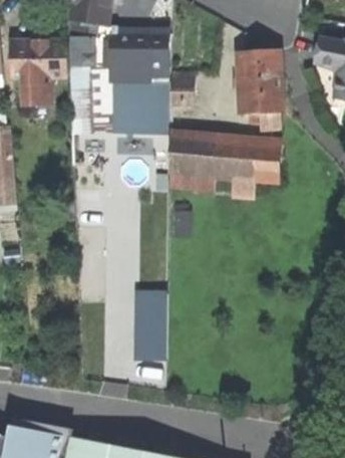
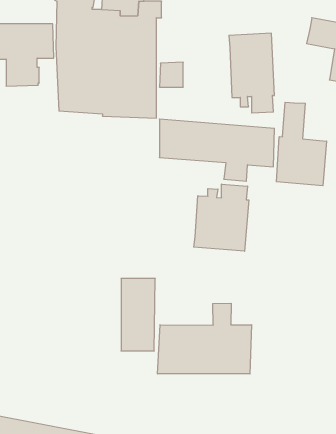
building: none -> [276,102,327,186]
building: none -> [194,184,249,251]
building: none -> [158,303,252,374]

